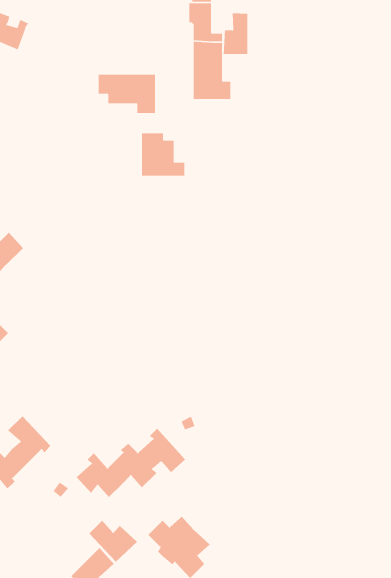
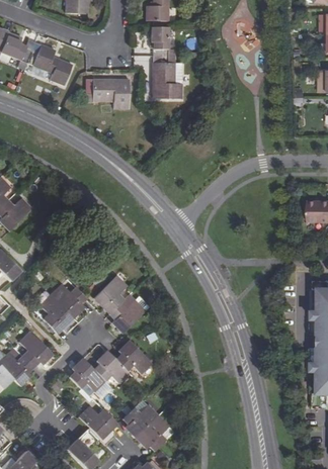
building: [223,13,248,55] -> none
building: none -> [25,41,70,84]
building: [141,132,185,176] -> none
building: none -> [92,275,144,332]
building: none -> [37,284,83,332]

